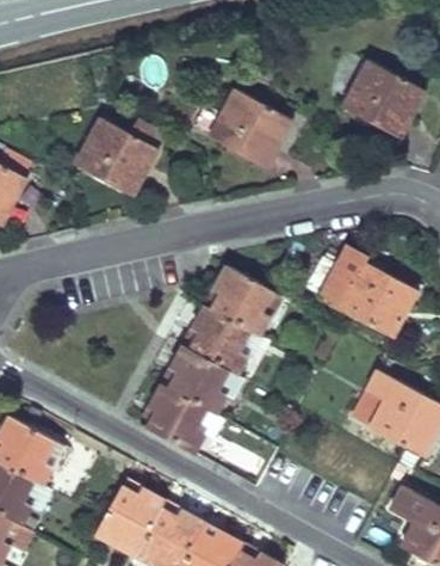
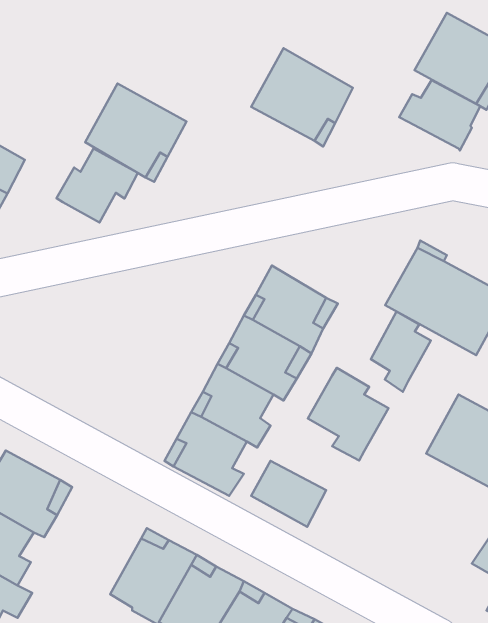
building: none -> [399,80,480,150]
building: none -> [57,148,138,222]
building: none -> [371,311,431,392]
building: none -> [308,368,389,461]

